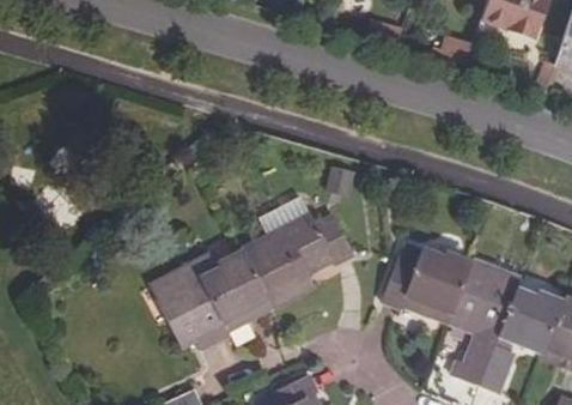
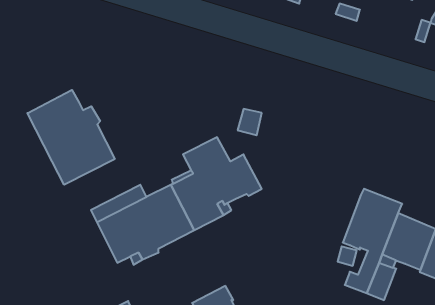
building: none -> [27,90,115,185]
building: [385,247,471,322] -> none

